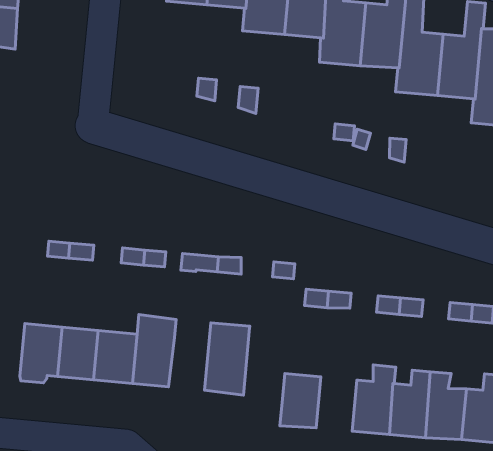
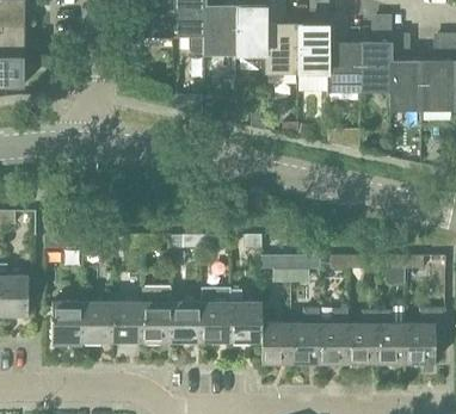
building: none -> [230,290,261,344]
building: none -> [171,303,199,342]
building: none -> [290,309,320,364]

